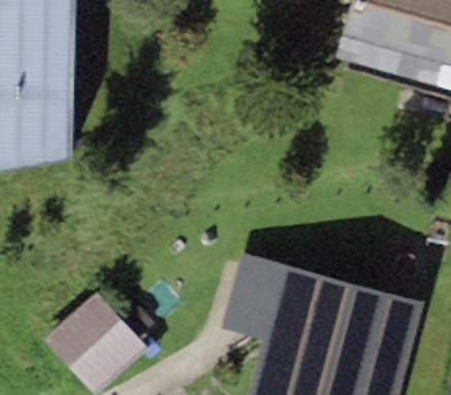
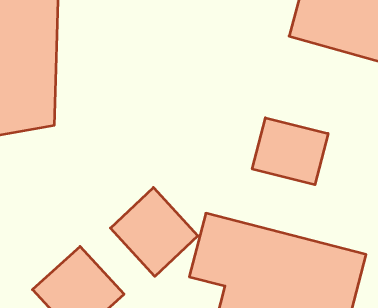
building: none -> [252,118,328,185]
building: none -> [110,187,198,276]

